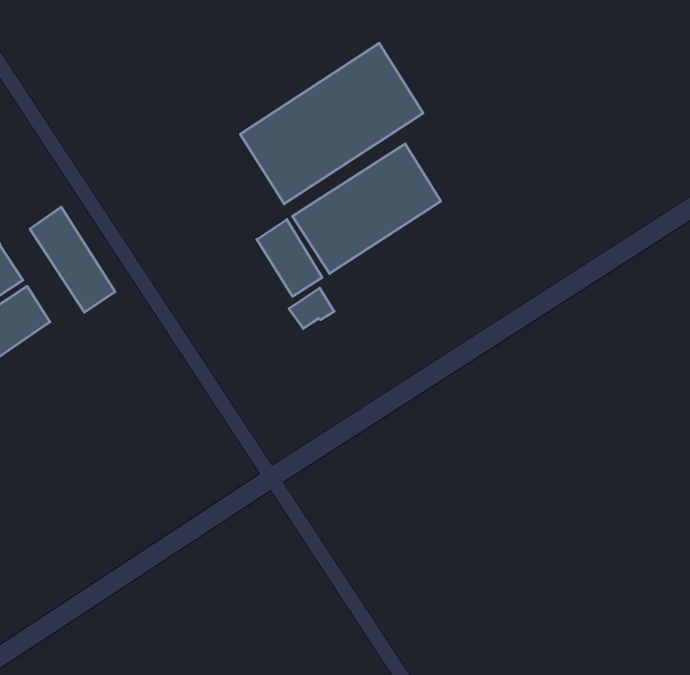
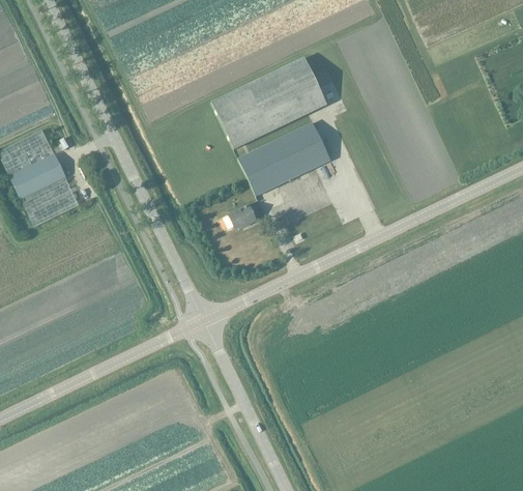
building: [30,207,115,312] -> none
building: [257,219,322,296] -> none

